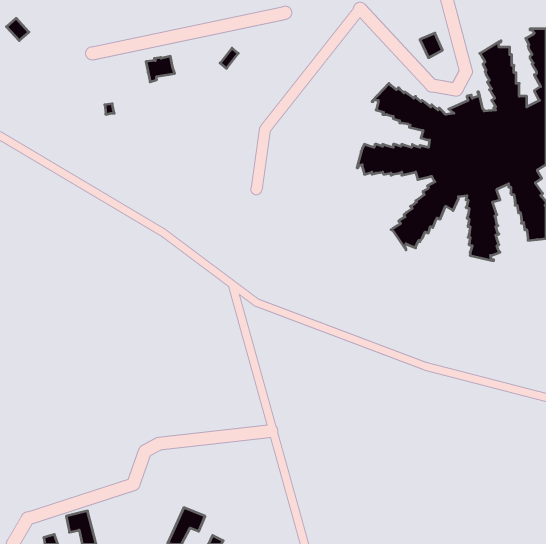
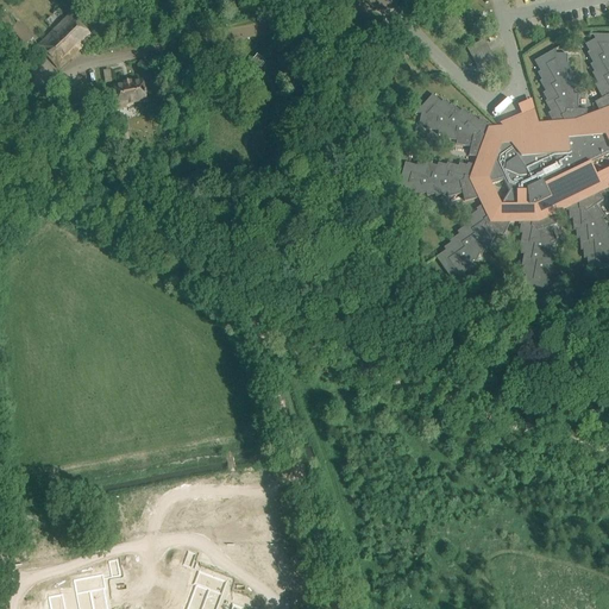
building: none -> [38,13,92,67]
building: [146,56,175,82] -> [114,79,146,107]

